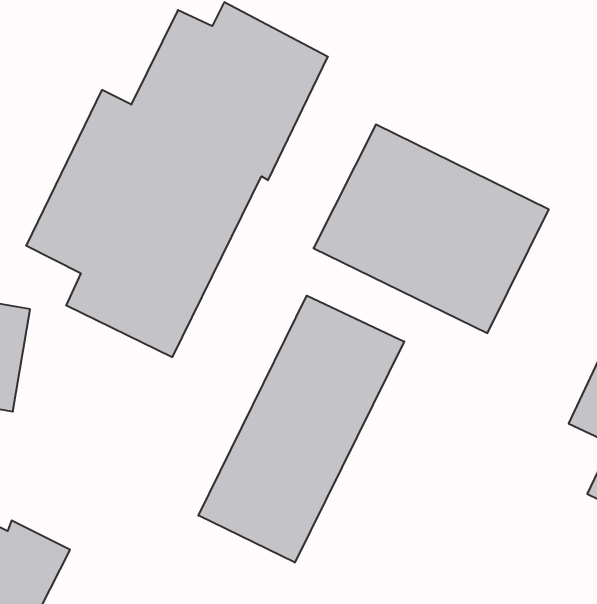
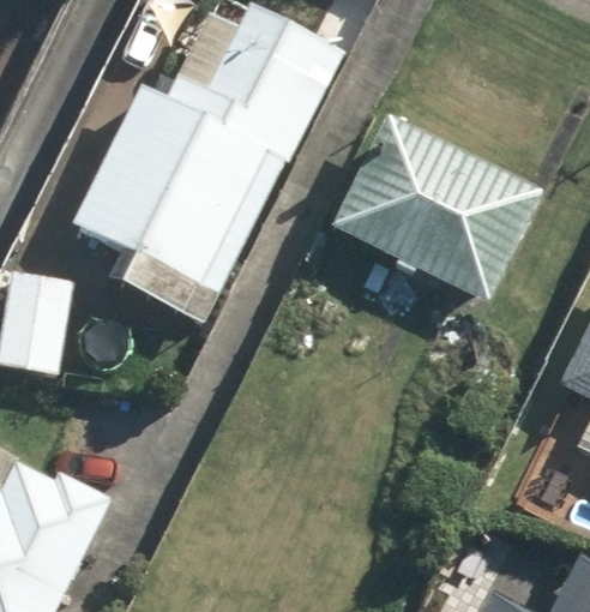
building: [198,296,404,563] -> none

